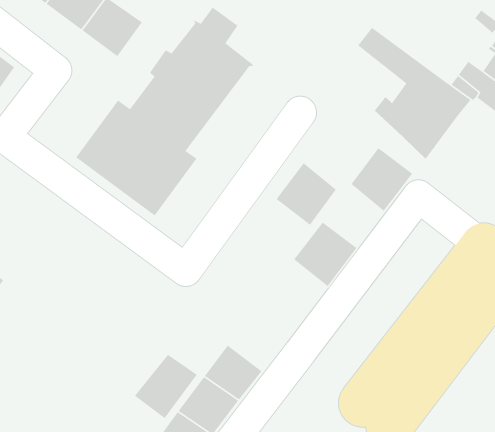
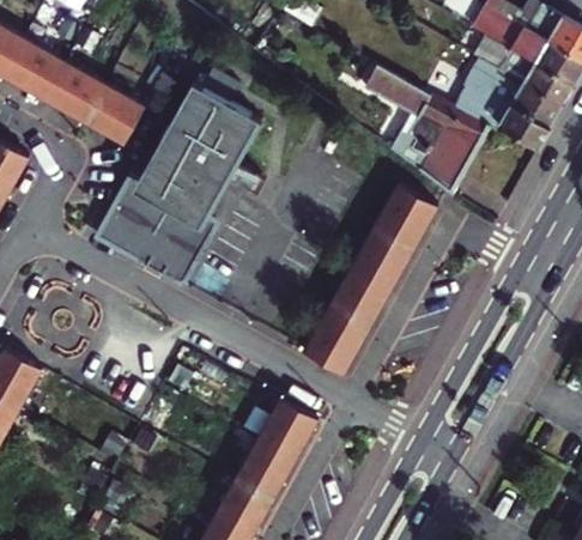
building: [275,162,337,226] -> [352,226,412,289]
building: none -> [305,309,366,372]
building: [134,354,198,419] -> none

